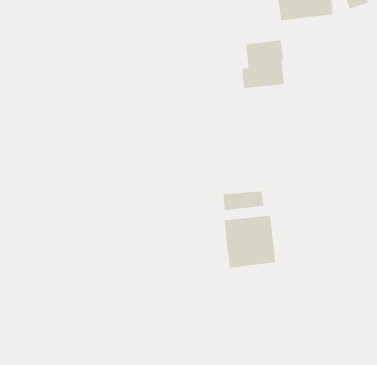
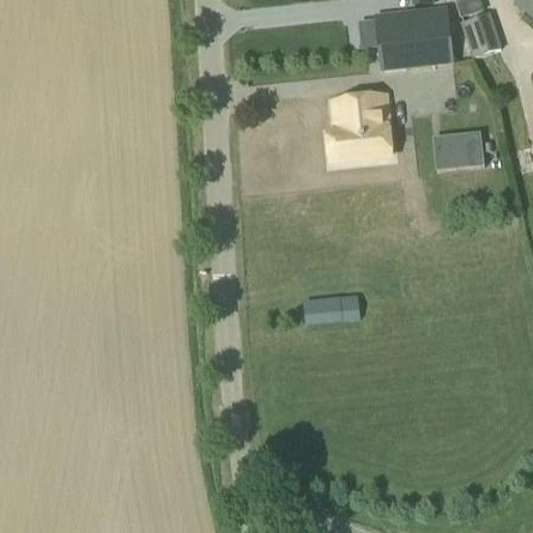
building: none -> [432,140,484,169]
building: [224,215,276,268] -> none

